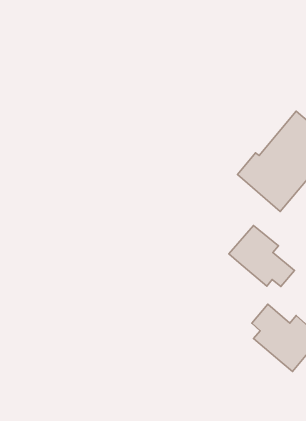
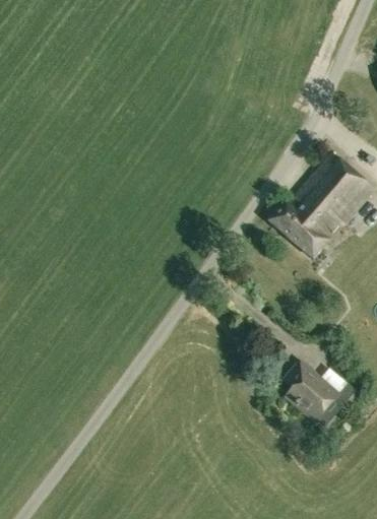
building: [229,226,295,286] -> none

